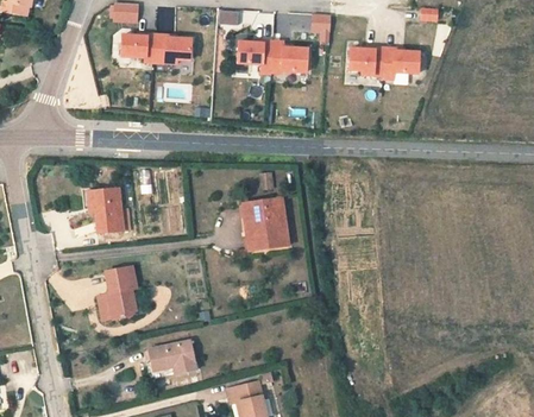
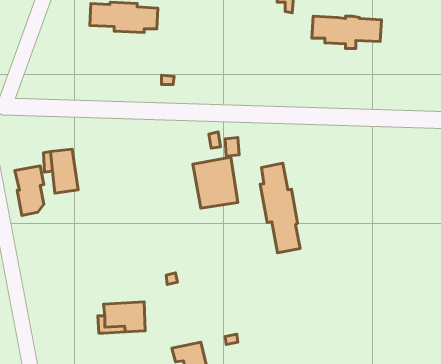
building: [247,42,319,77] -> none
building: none -> [260,163,300,253]
building: [98,264,127,315] -> [15,166,44,216]

